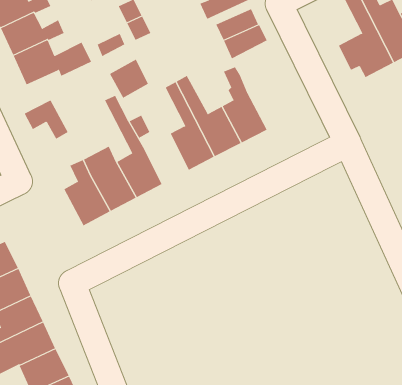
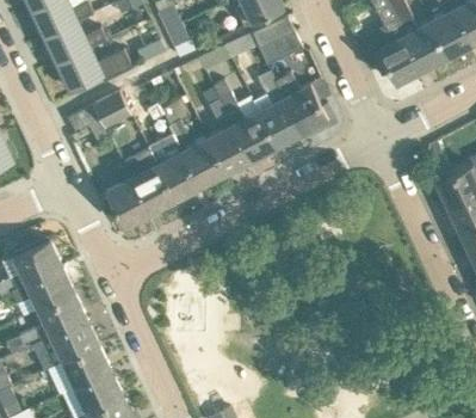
building: [109,59,149,99] -> [93,91,131,129]
building: none -> [276,73,335,134]
building: none -> [183,137,225,186]

